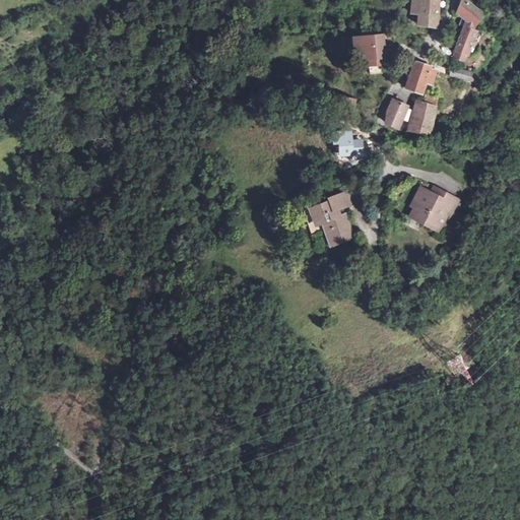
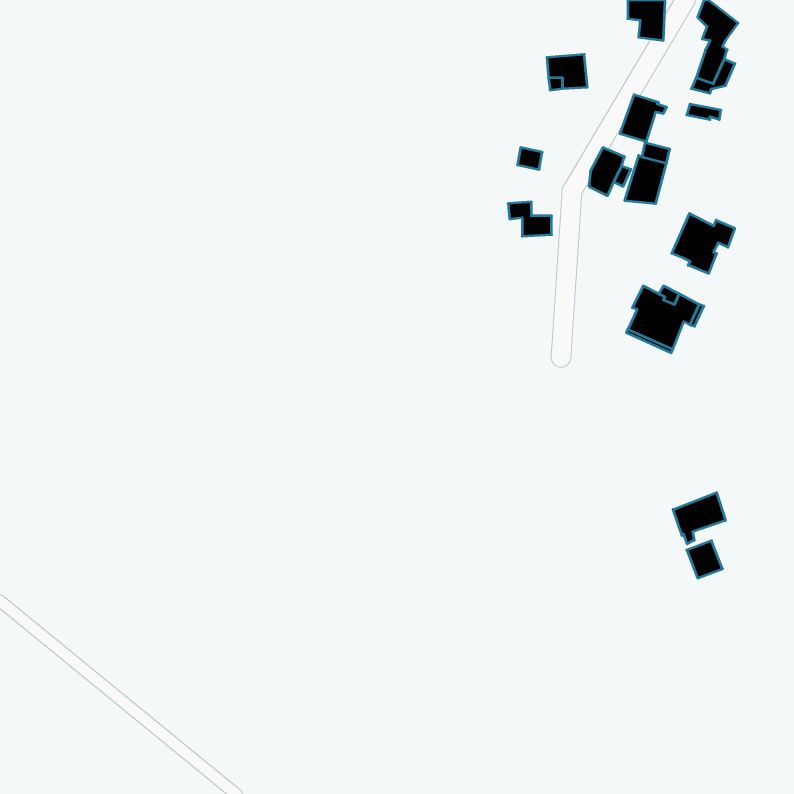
building: none -> [672,213,735,273]
building: [311,192,352,245] -> none
building: none -> [673,493,725,544]

